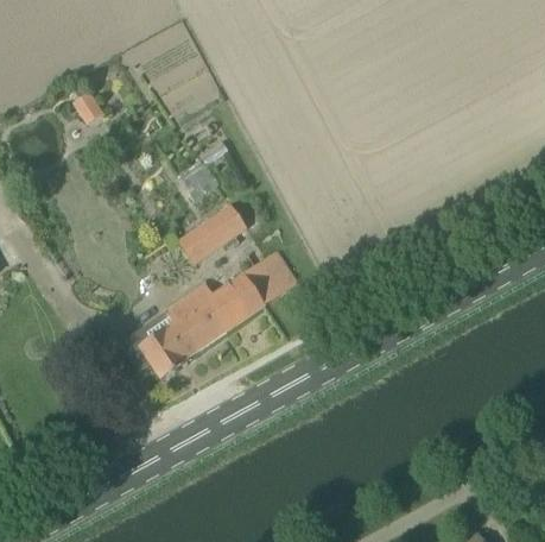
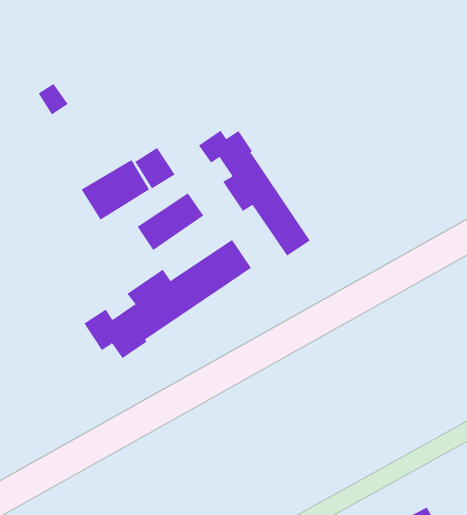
building: none -> [198,130,310,256]
building: none -> [81,159,150,221]

